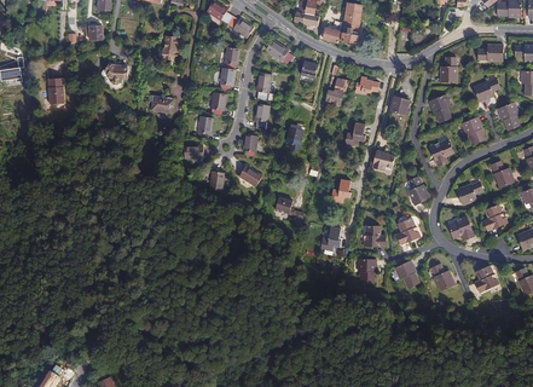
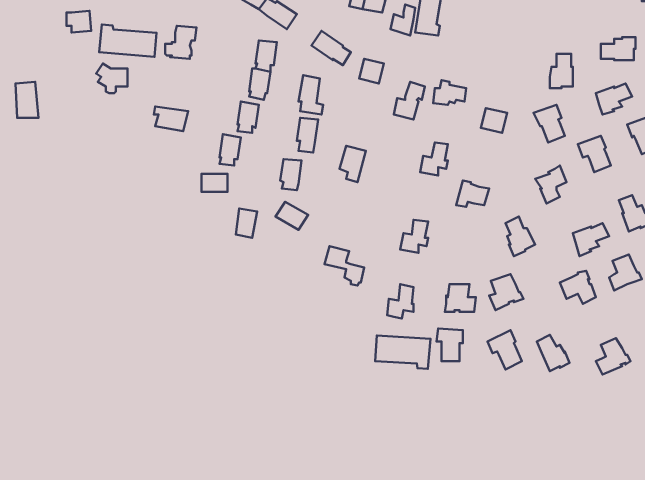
building: none -> [99,25,156,57]
building: none -> [375,335,430,369]

